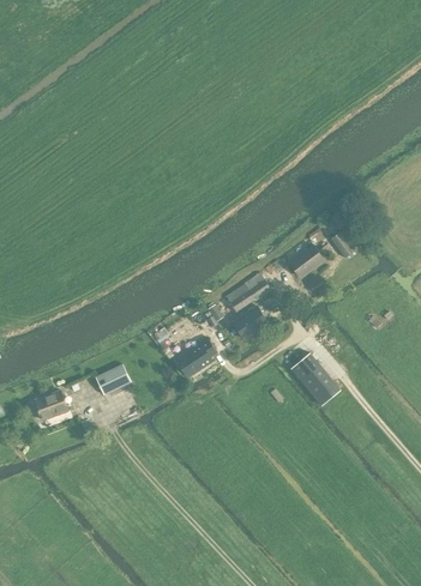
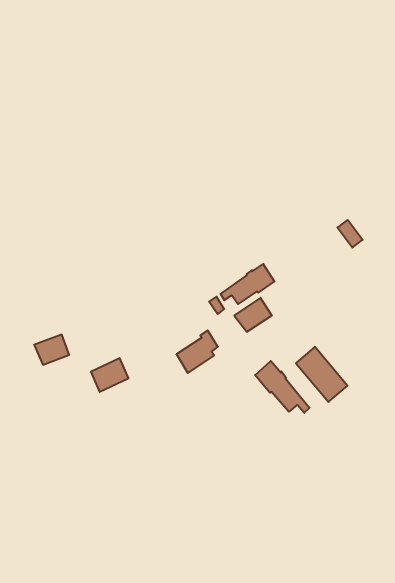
building: [287,244,321,277] -> none
building: none -> [255,361,310,413]
building: [32,391,66,419] -> [34,335,69,365]

